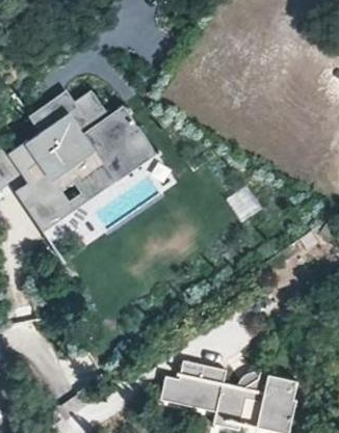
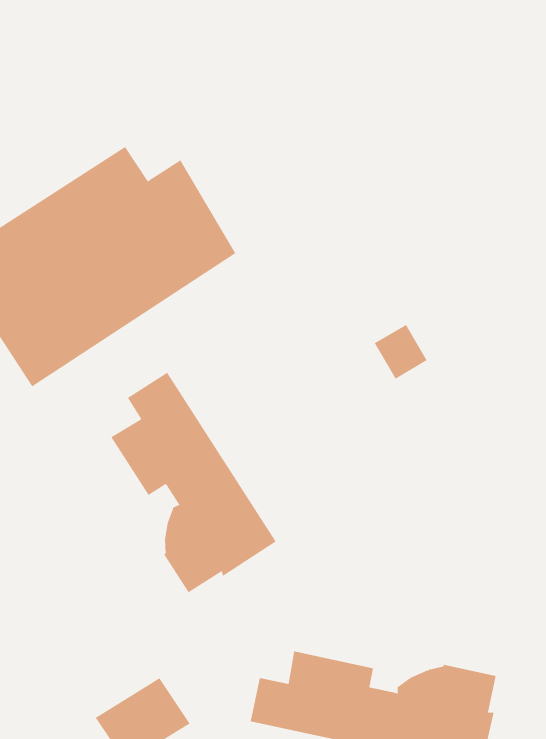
building: none -> [111,372,276,593]

